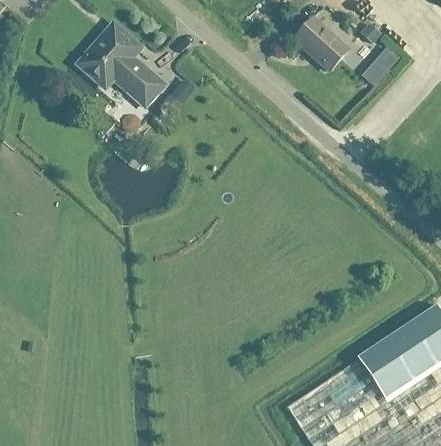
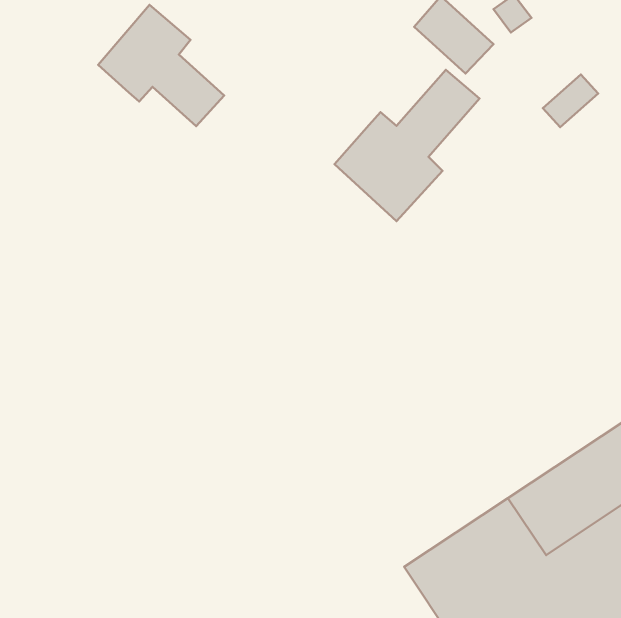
building: [359,42,397,78] -> [543,75,598,127]
building: none -> [335,70,479,221]

